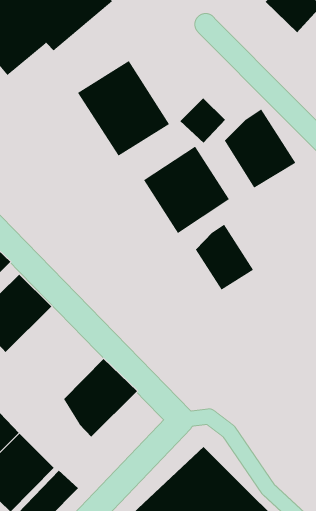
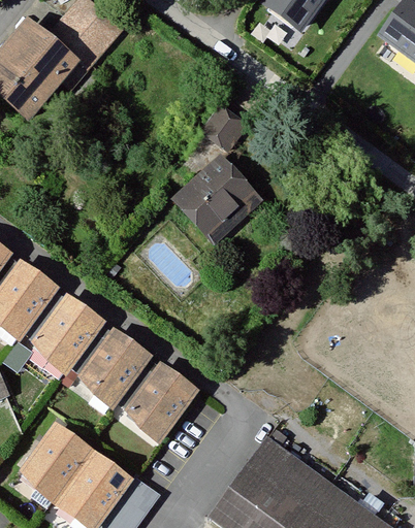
building: [77,60,170,157] -> none
building: [224,109,296,189] -> none
building: [195,224,254,290] -> none
building: none -> [82,335,151,410]

